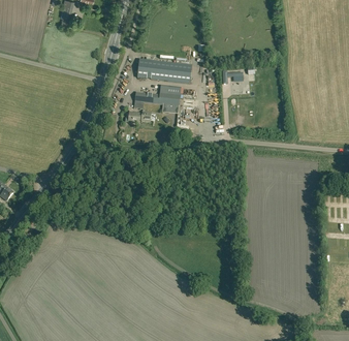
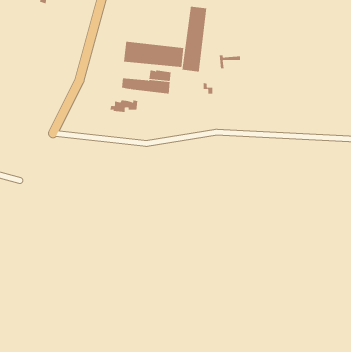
building: none -> [182,6,207,72]

